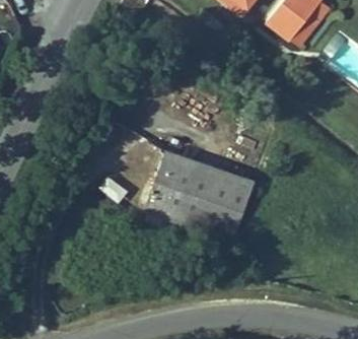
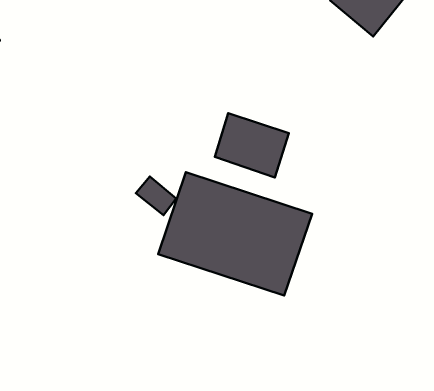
building: none -> [215,113,289,177]

